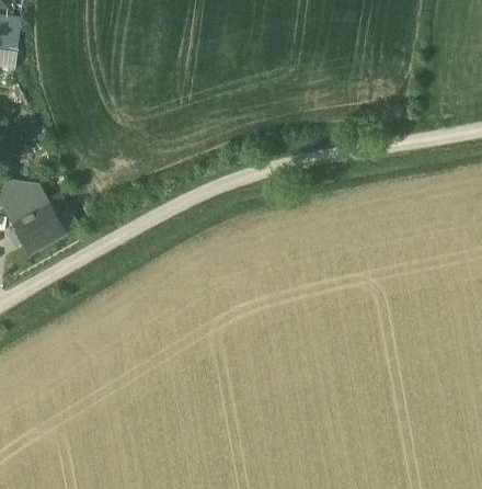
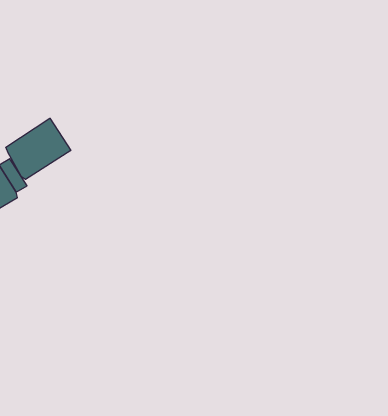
building: none -> [6,118,71,179]

